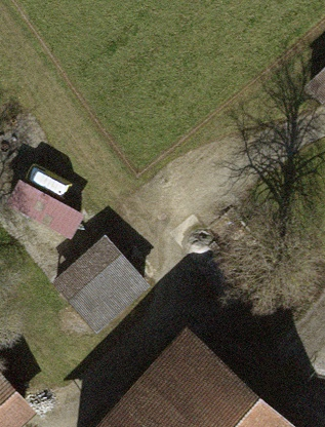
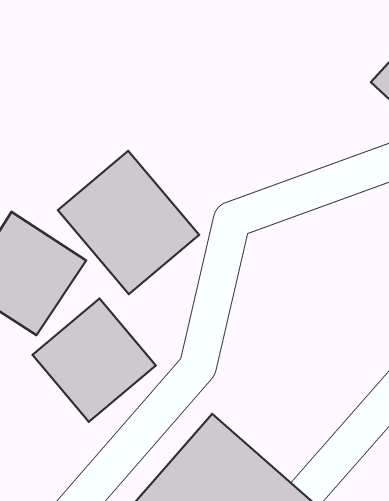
building: none -> [58,151,199,294]

